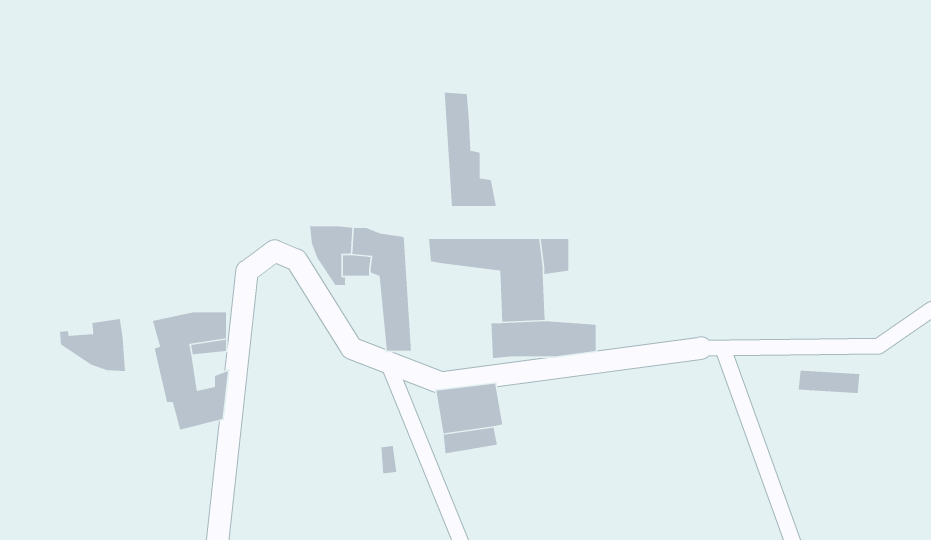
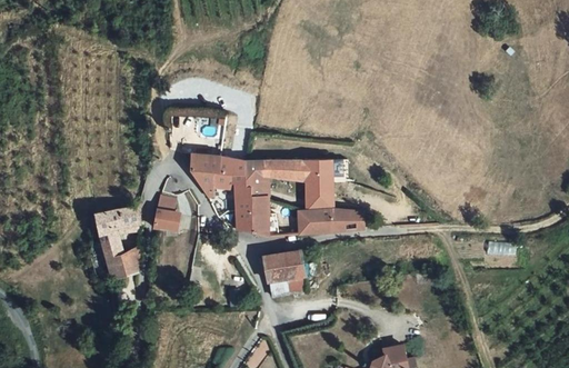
building: [444,92,497,207] -> [246,160,278,230]
building: none -> [156,195,181,226]
building: [59,318,126,372] -> none

